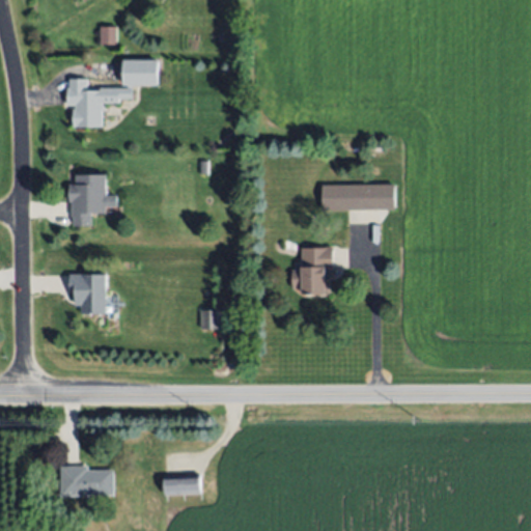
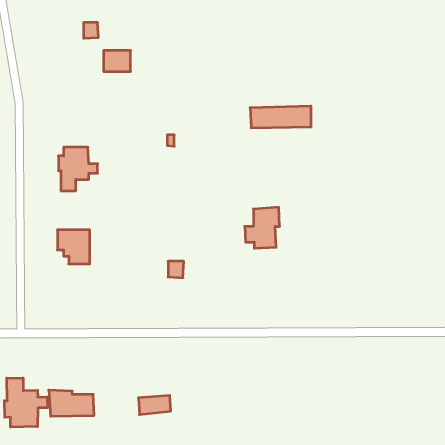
building: [66,79,132,127] -> none
building: [322,185,394,211] -> [250,106,311,128]
building: none -> [4,378,48,427]

